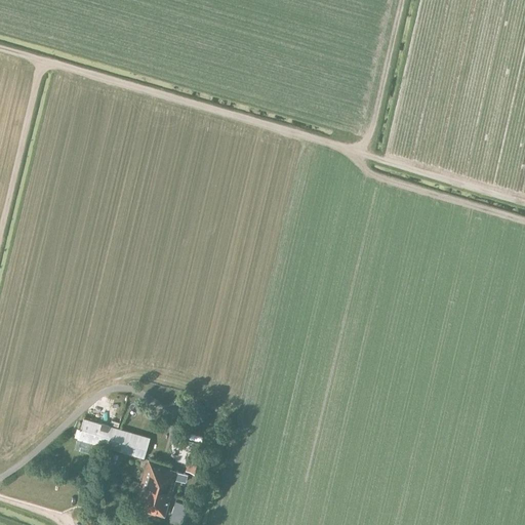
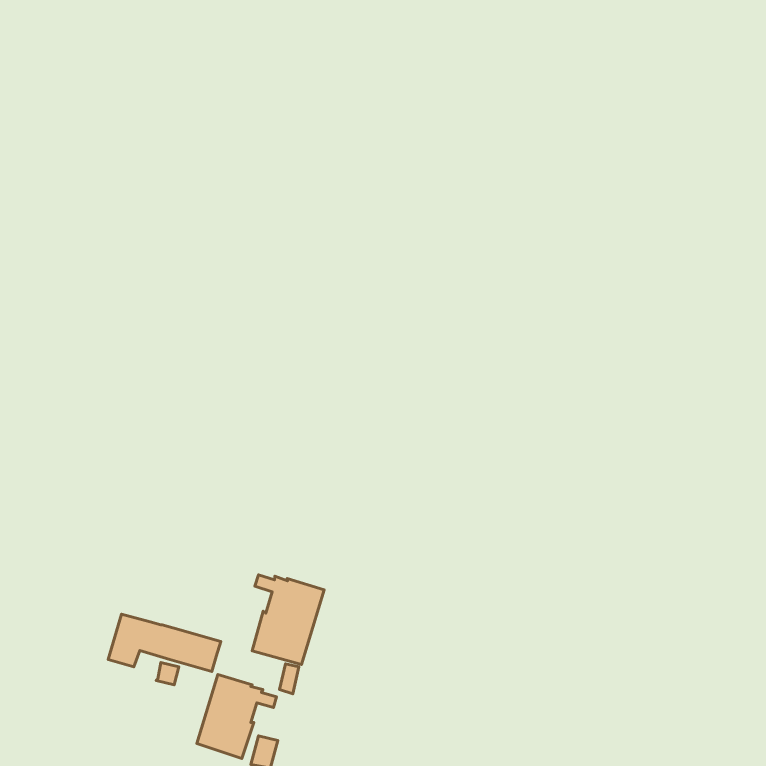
building: none -> [252,575,324,664]

